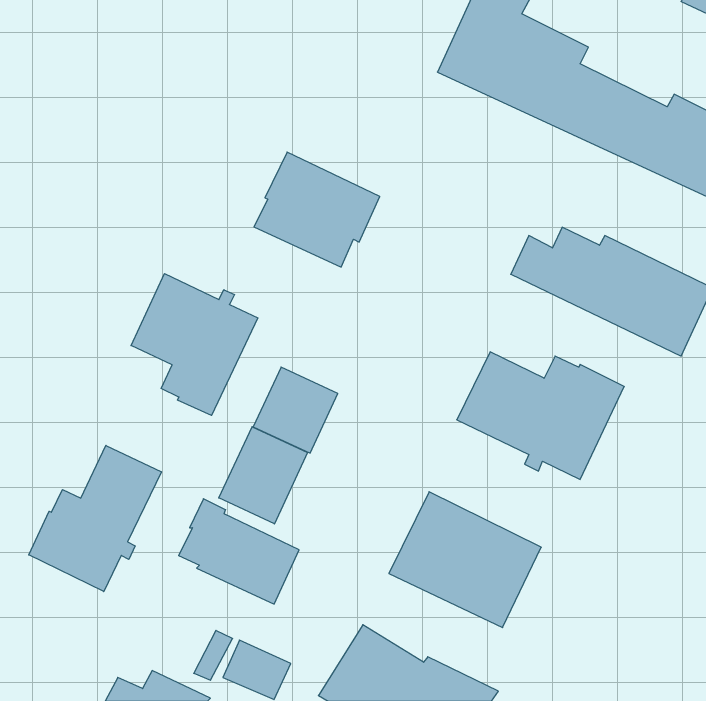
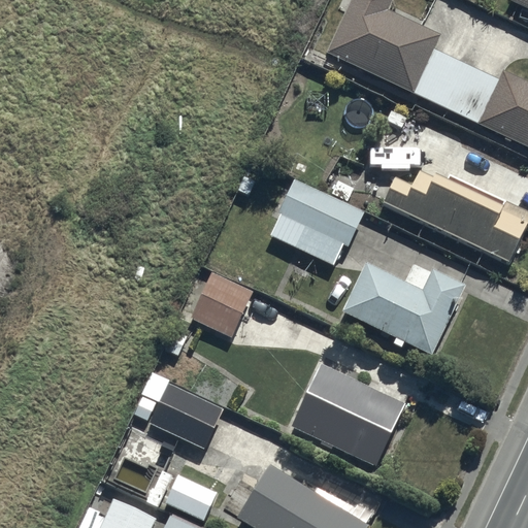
building: [254,152,380,267] -> [270,179,364,265]
building: [131,274,258,415] -> none
building: [219,427,308,524] -> none
building: [29,445,161,592] -> none

